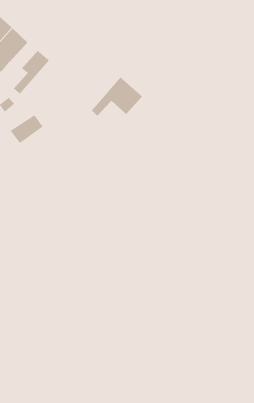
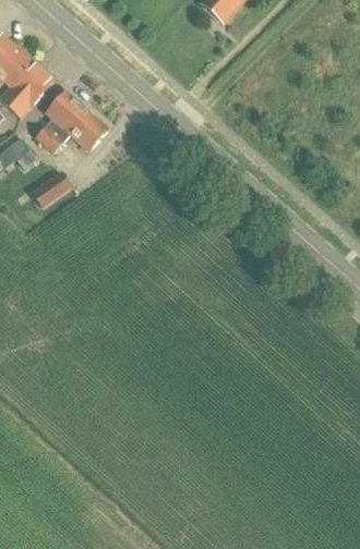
building: [91,77,143,116] -> [44,102,109,152]

